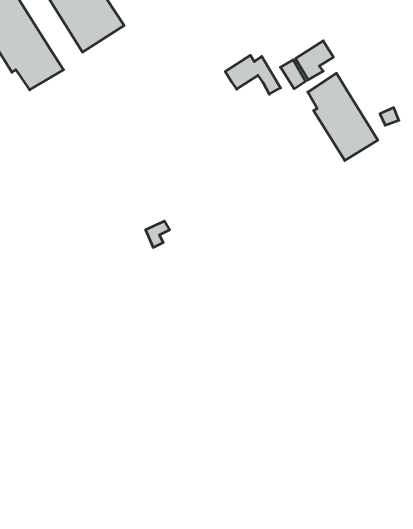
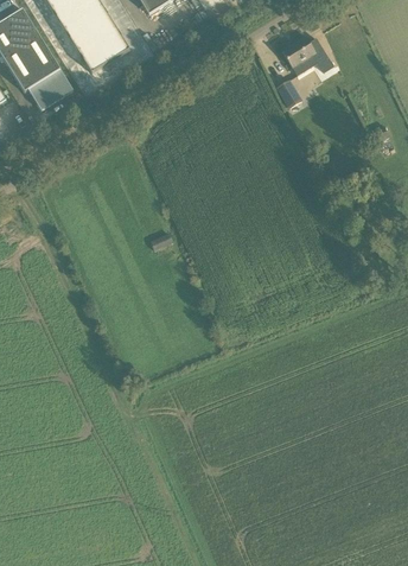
building: [225,55,281,94] -> [281,34,333,71]
building: [308,73,378,161] -> none

